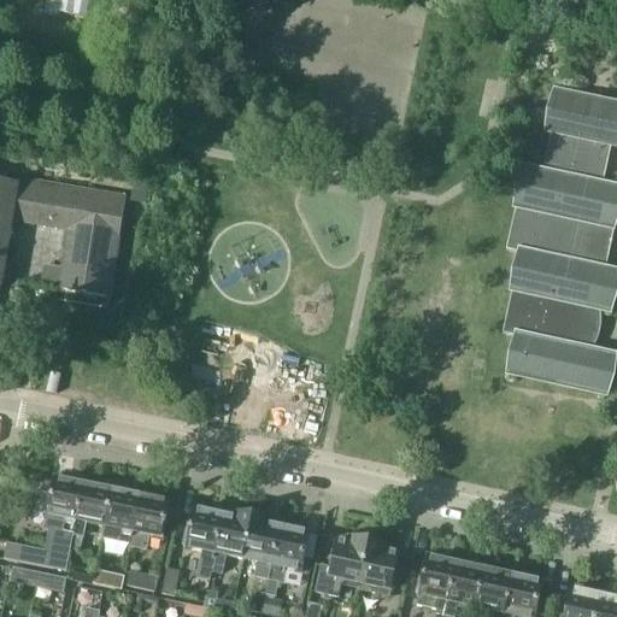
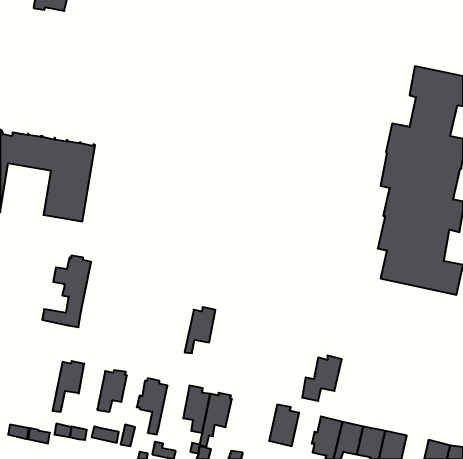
building: [18,472,83,568] -> [42,256,91,327]
building: [101,483,140,541] -> none
building: [211,509,252,570] -> [185,307,215,353]
building: [316,533,369,593] -> [302,356,342,401]

